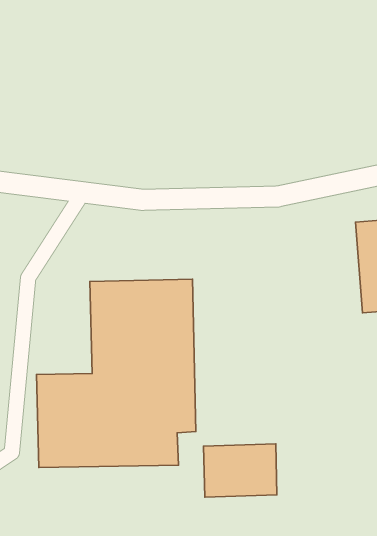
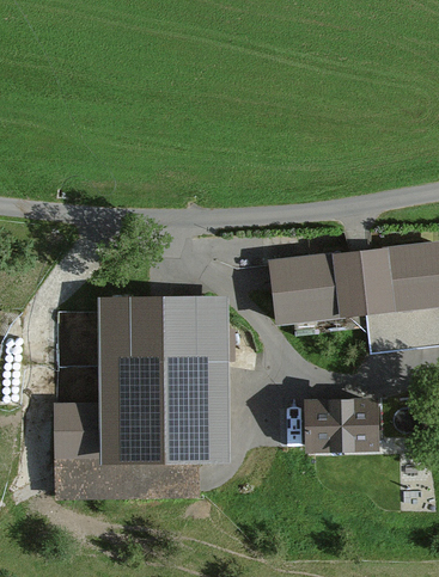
building: none -> [251,250,365,319]
building: [204,444,277,497] -> [305,398,380,453]

